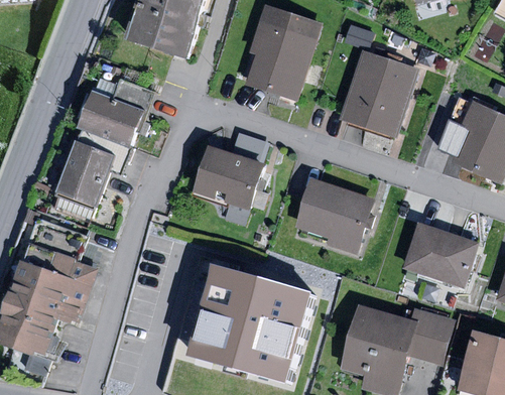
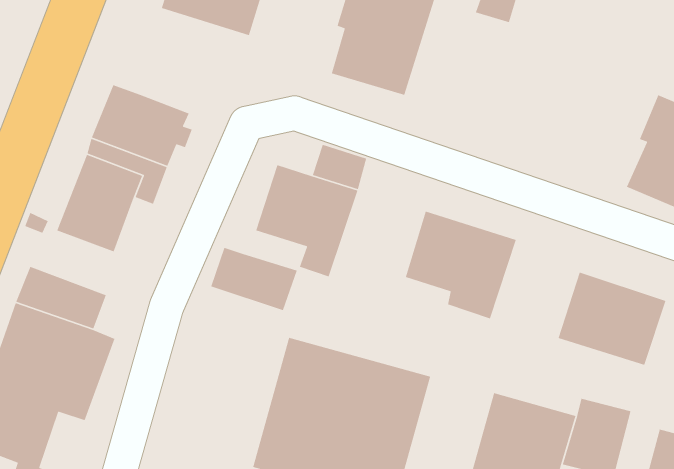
building: [340,49,416,135] -> none
building: [113,78,154,111] -> none
building: none -> [210,247,298,311]

